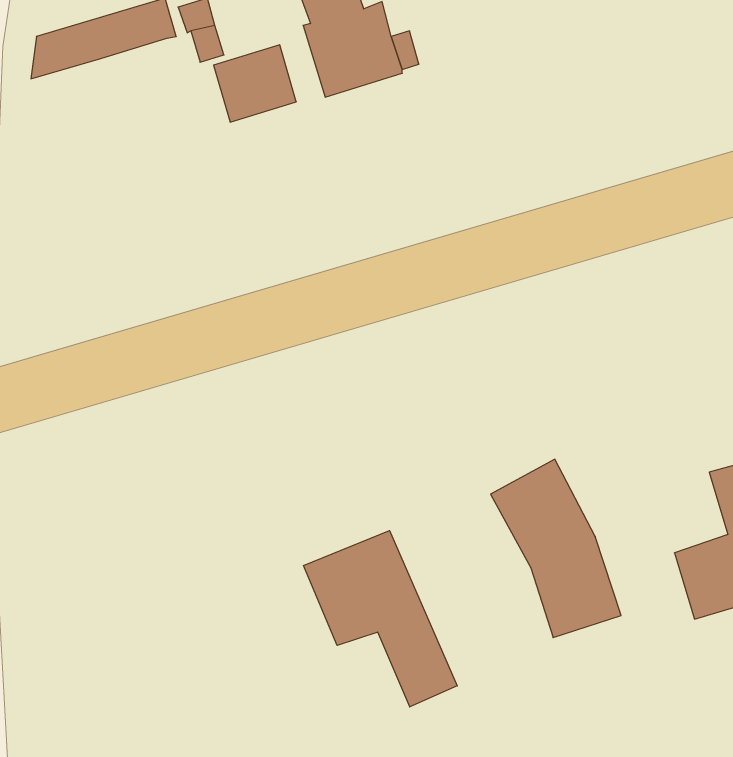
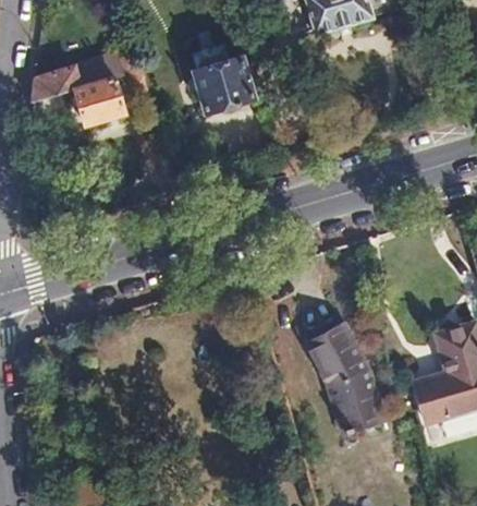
building: [214,45,296,122] -> [74,76,123,122]
building: [304,531,457,707] -> none

